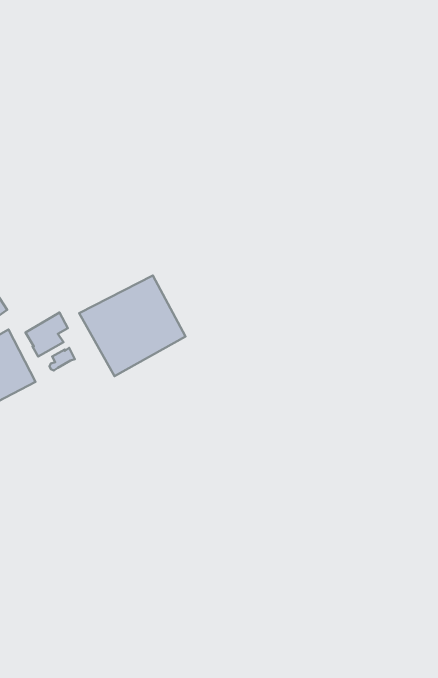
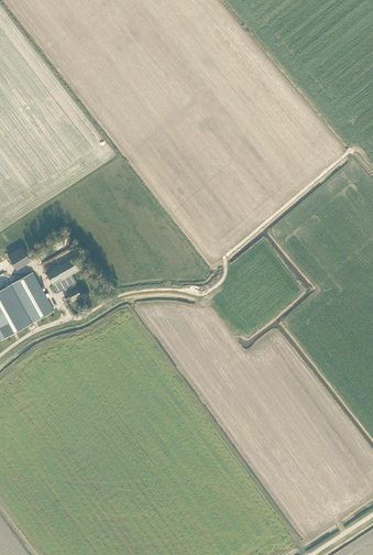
building: [79,276,185,376] -> none

